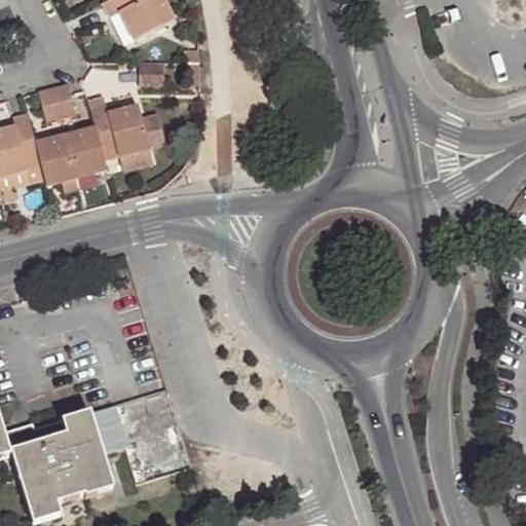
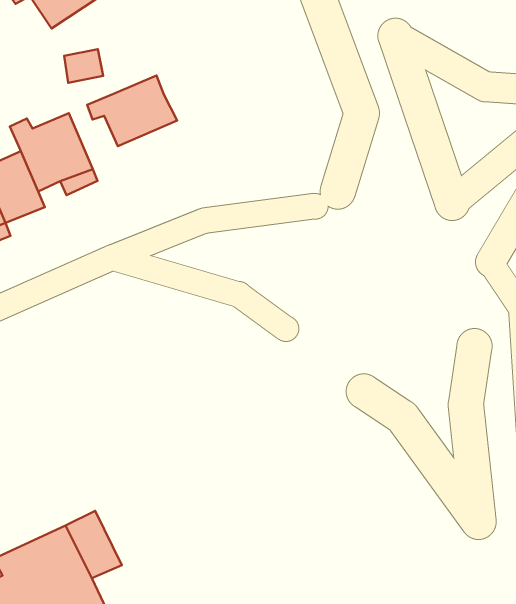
building: none -> [87,75,177,146]

